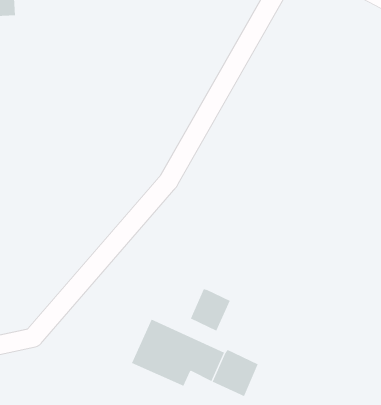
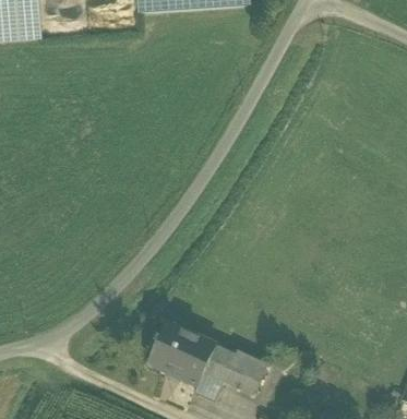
building: [190,288,230,332] -> none

